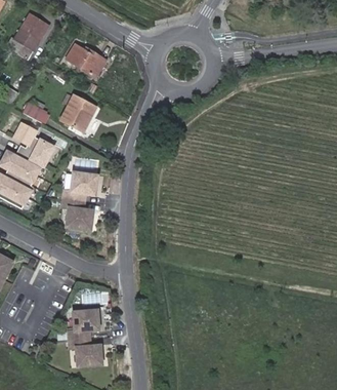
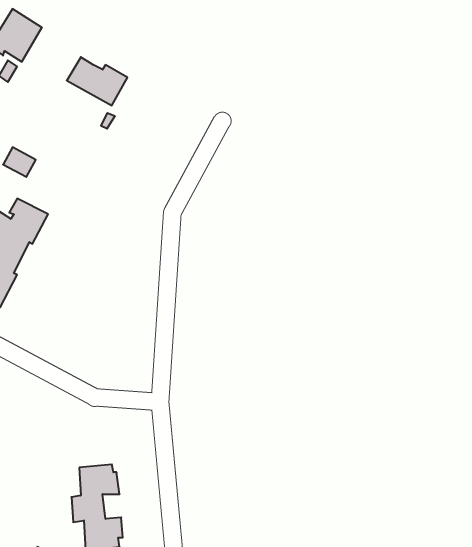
building: [60,91,95,128] -> none
building: [62,172,97,230] -> none

